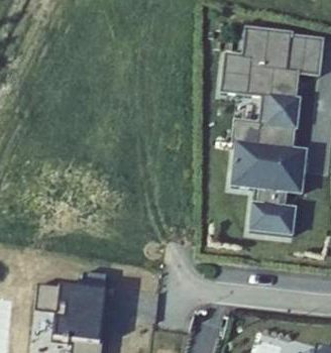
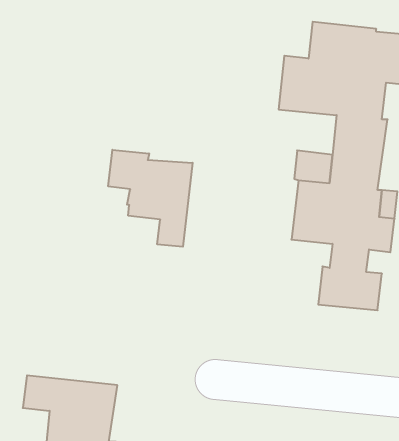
building: none -> [108,150,193,247]

